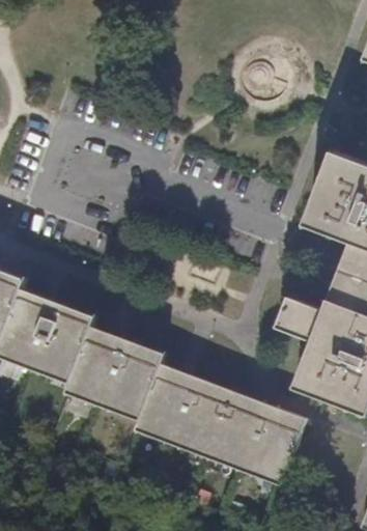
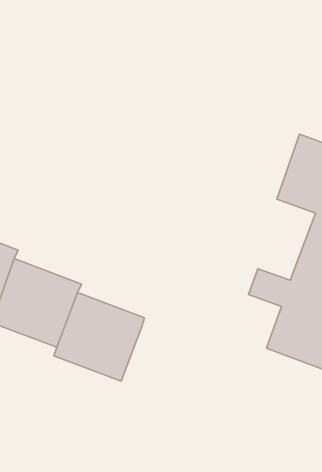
building: [136,363,307,484] -> none

